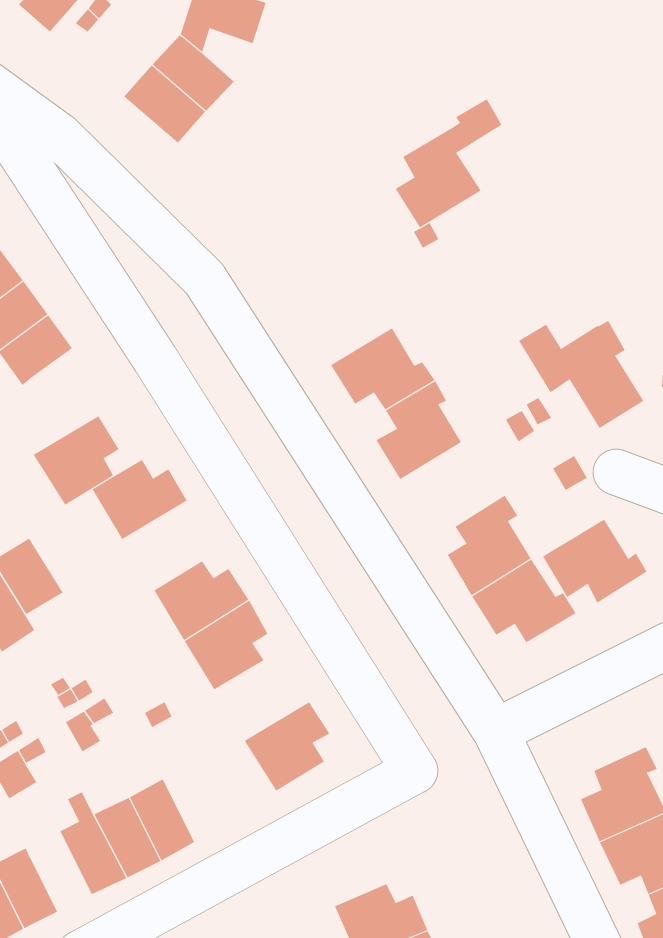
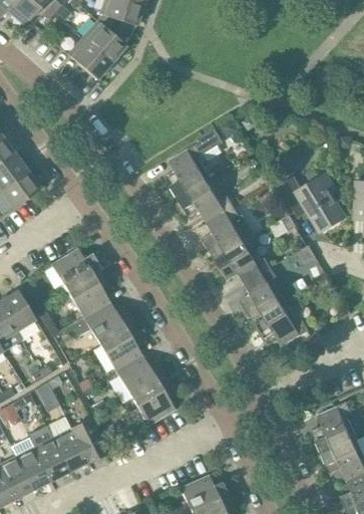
building: [395,99,502,228] -> [164,128,222,198]
building: [33,415,119,506] -> [66,270,112,318]
building: [542,519,648,603] -> [215,239,271,284]
building: none -> [115,355,166,399]
building: none -> [15,447,50,490]

